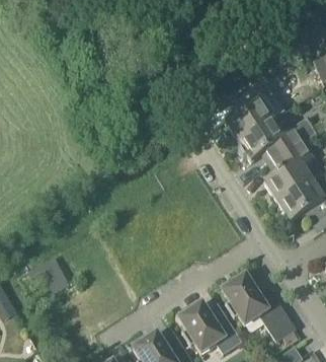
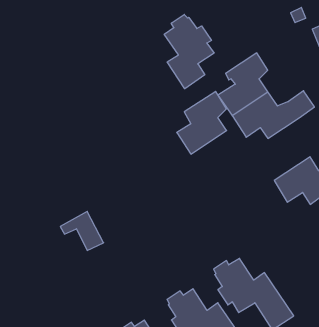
building: none -> [164,14,214,89]
building: [265,142,312,201] -> [177,91,227,154]
building: [28,256,69,292] -> [60,211,104,250]

